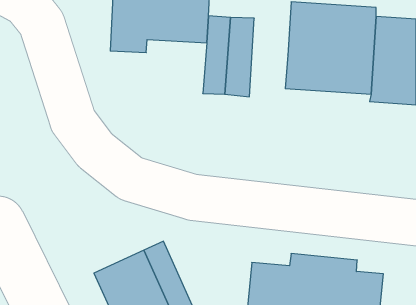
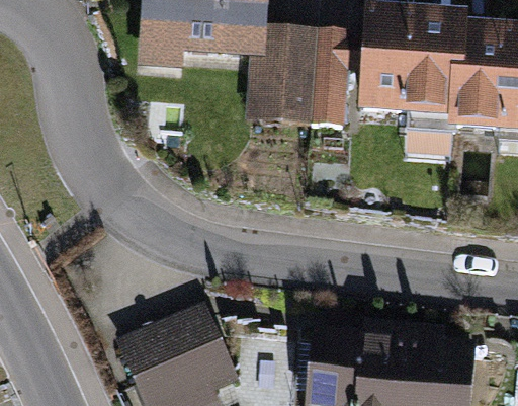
building: none -> [311,26,360,126]

